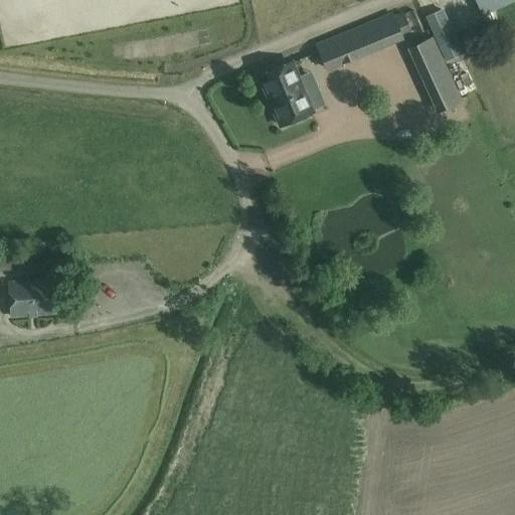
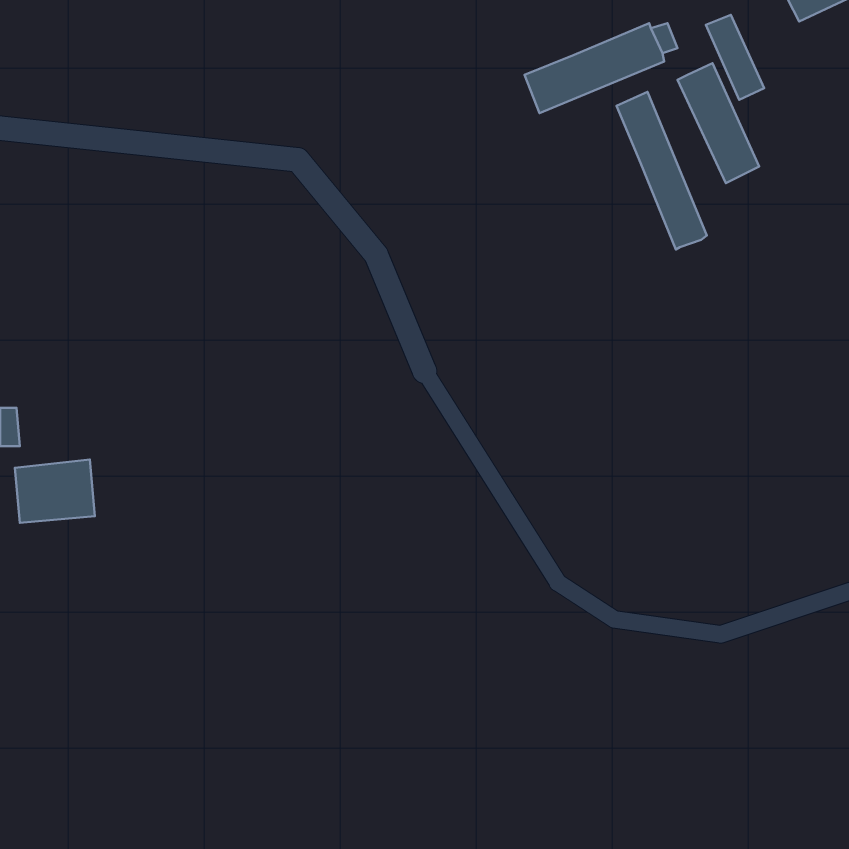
building: none -> [616,92,707,249]
building: [261,61,313,125] -> none

